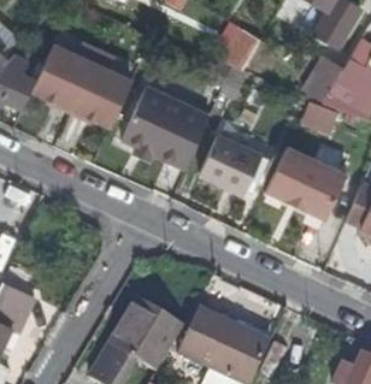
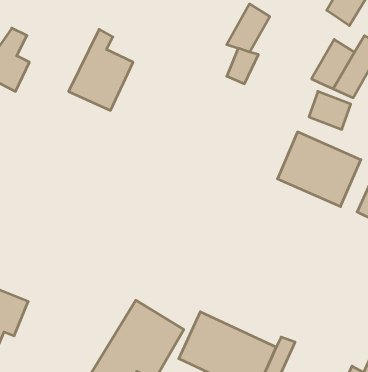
building: [33,36,99,102] -> none
building: [122,79,211,165] -> none
building: [200,132,265,194] -> none

